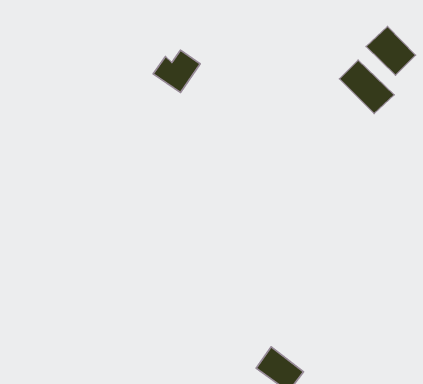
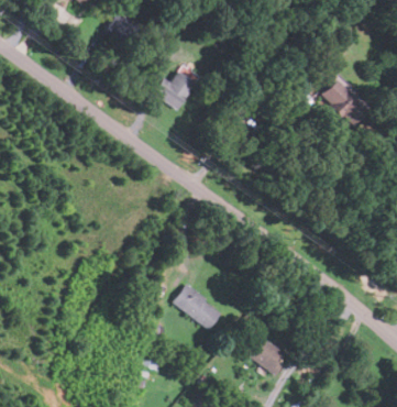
building: [366,26,415,75] -> none
building: none -> [174,285,223,330]

